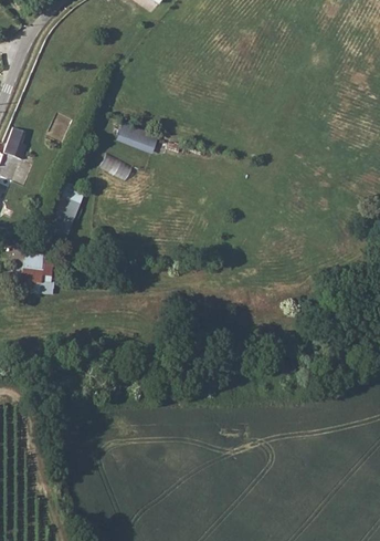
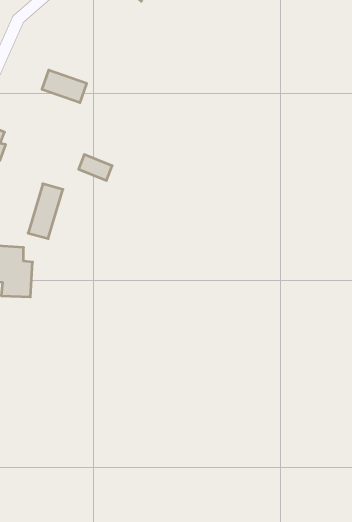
building: [116,122,160,154] -> [42,70,87,103]

